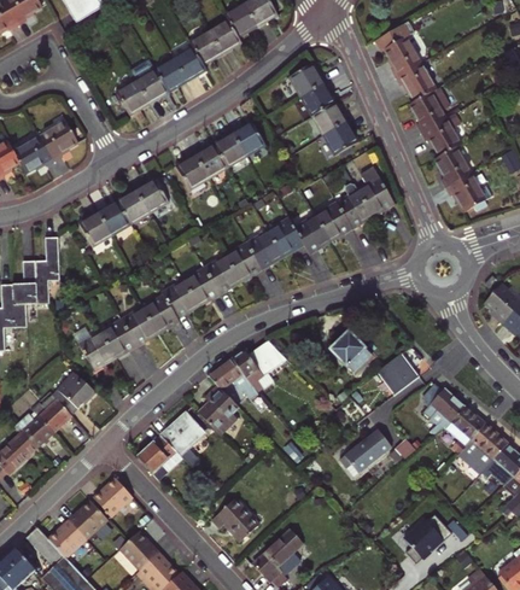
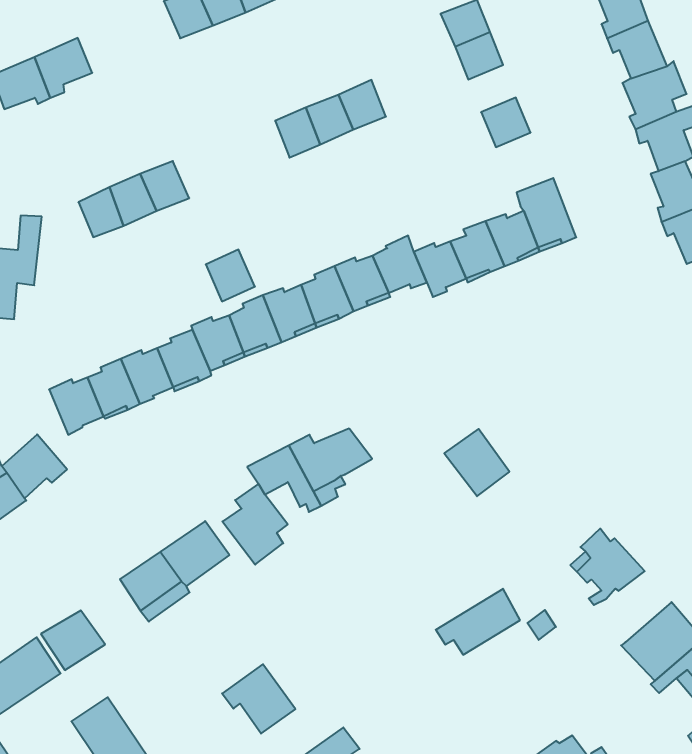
building: [312,101,344,133] -> none
building: [176,156,208,188] -> none
building: [135,177,168,211] -> [206,250,255,301]
building: [376,354,416,393] -> none
building: [443,405,484,451] -> none

